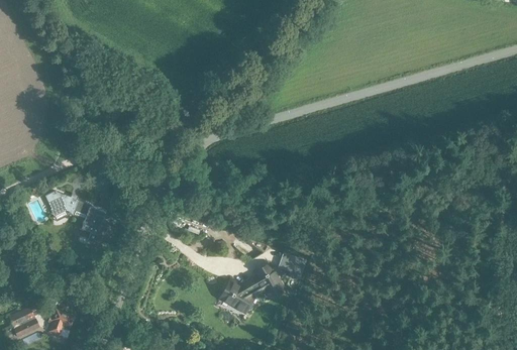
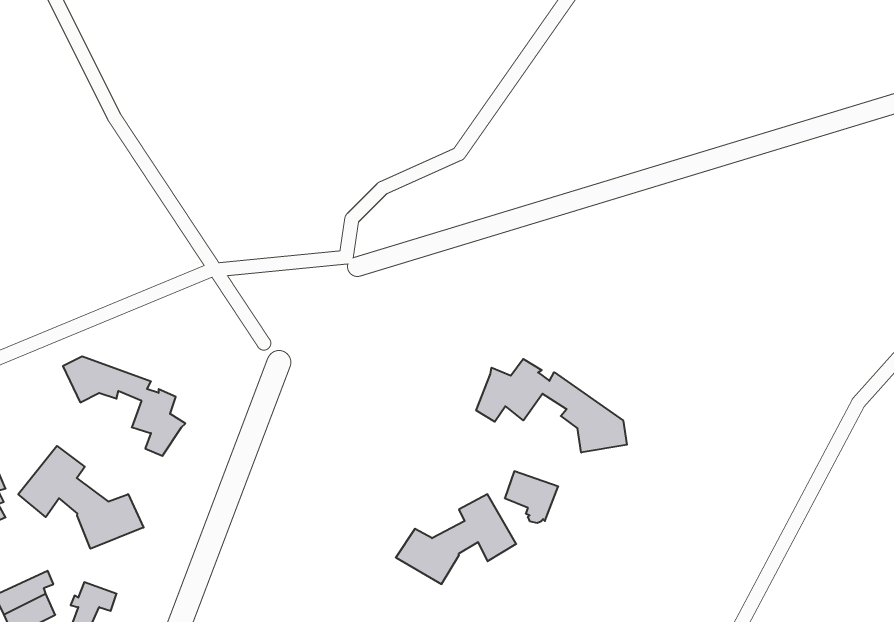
building: none -> [476,359,627,453]
building: none -> [18,446,144,549]

